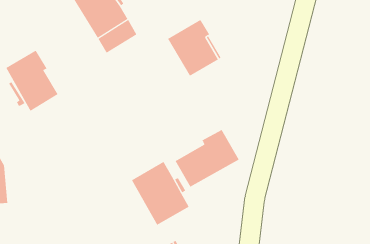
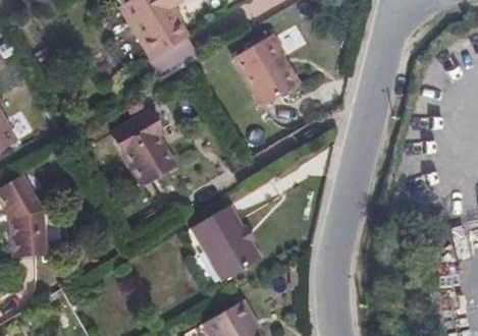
building: [5,50,59,111] -> [112,110,175,183]
building: [175,129,239,188] -> none

